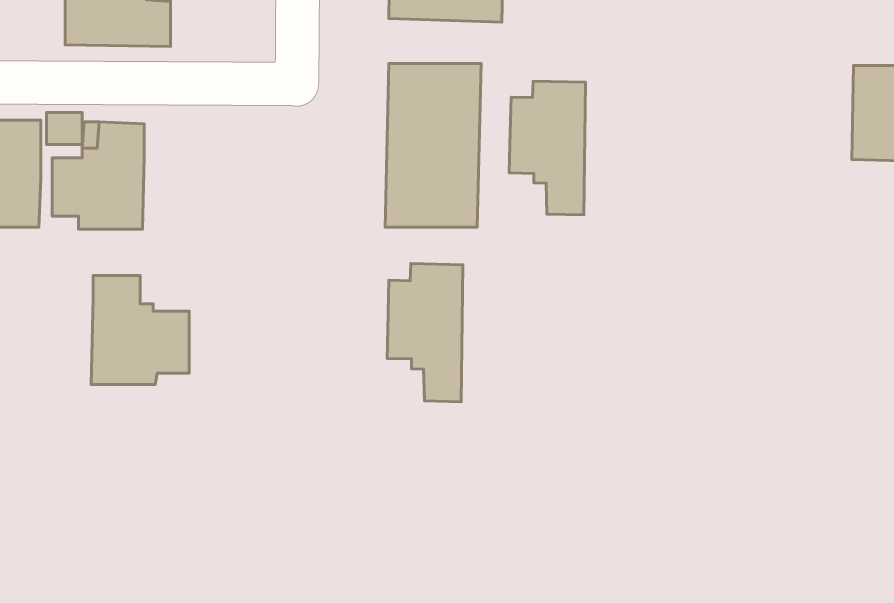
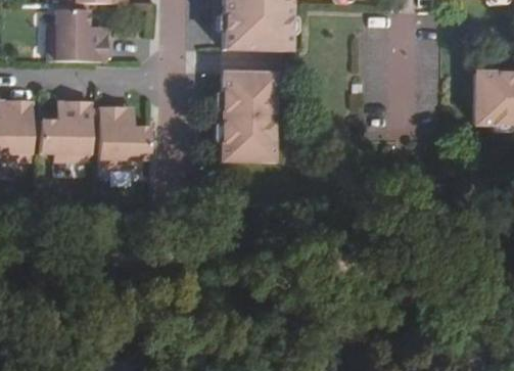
building: [509,81,586,215] -> none
building: [387,264,463,402] -> none
building: [91,275,189,385] -> [98,109,151,169]

